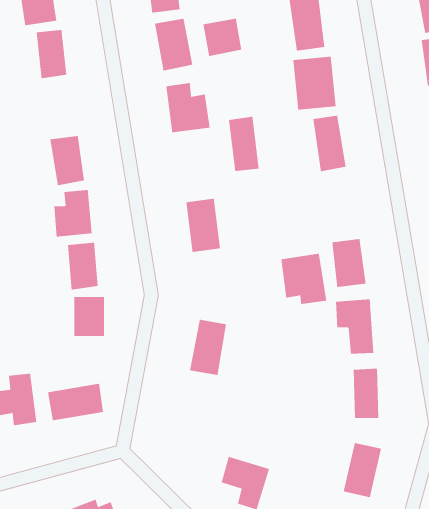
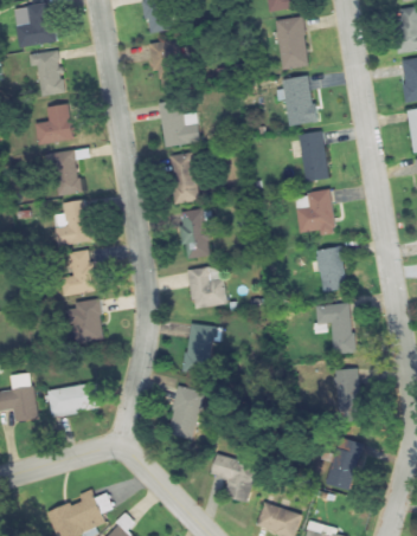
building: [203,18,242,57] -> none
building: none -> [33,104,73,144]
building: [228,116,260,171] -> [168,151,198,204]
building: [280,253,327,305] -> [293,188,336,237]
building: none -> [186,265,226,309]
building: none -> [168,386,204,433]

